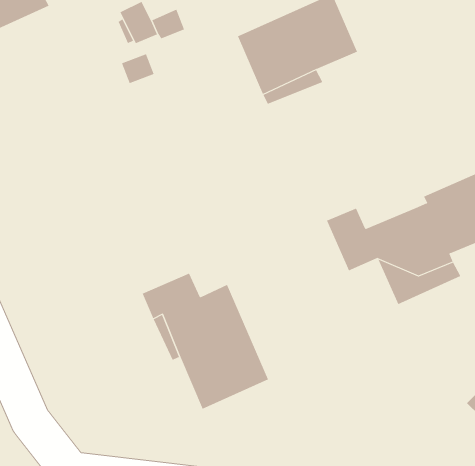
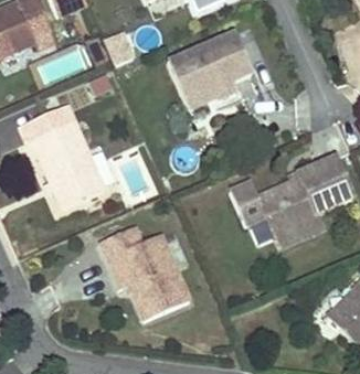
building: none -> [19,104,104,207]

